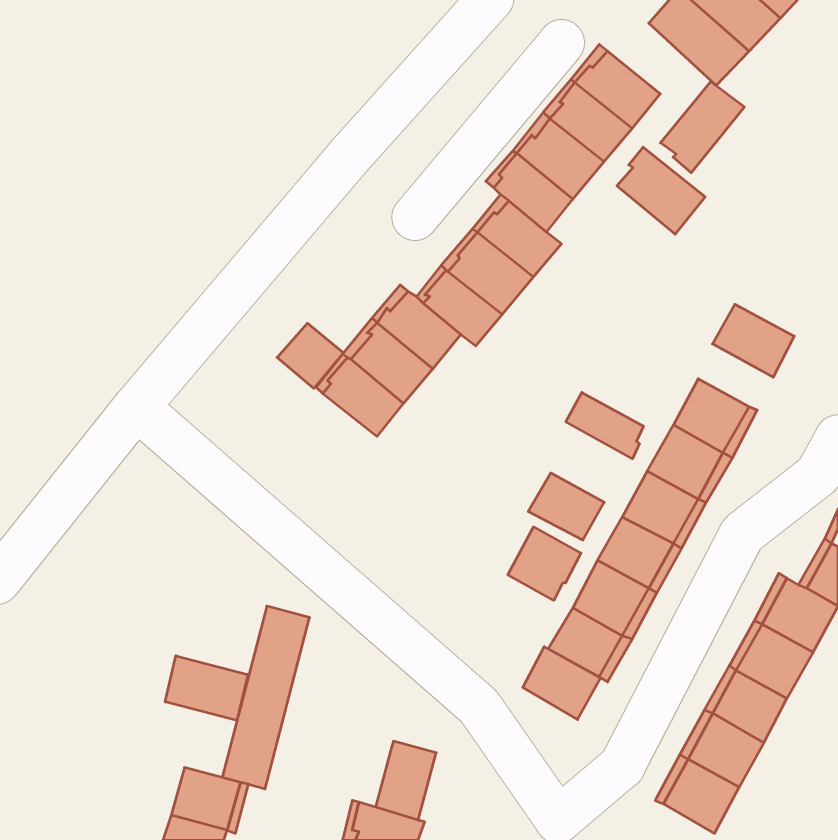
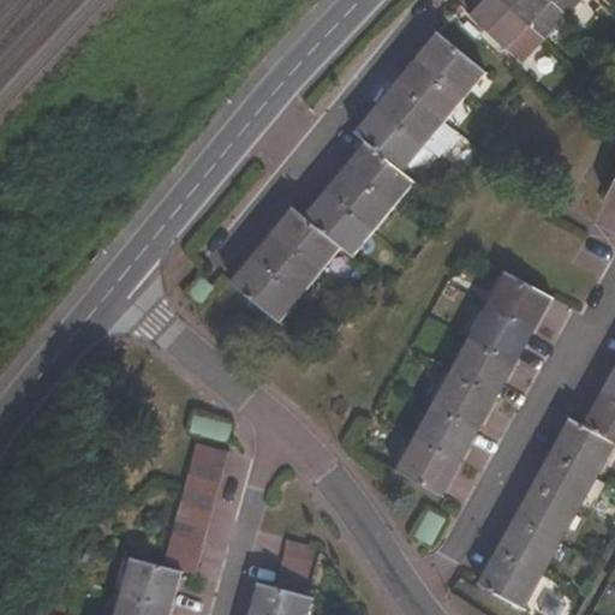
building: [660,82,744,173] -> none
building: [617,147,705,234] -> none
building: [712,304,794,377] -> none
building: [277,323,343,388] -> none
building: [566,392,643,459] -> none
building: [528,473,604,540] -> none
building: [508,527,581,600] -> none
building: [523,647,600,720] -> none
building: [165,656,248,721] -> none

